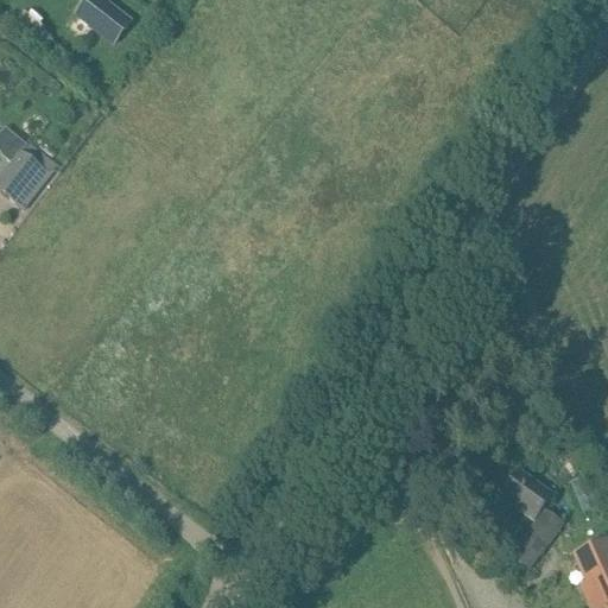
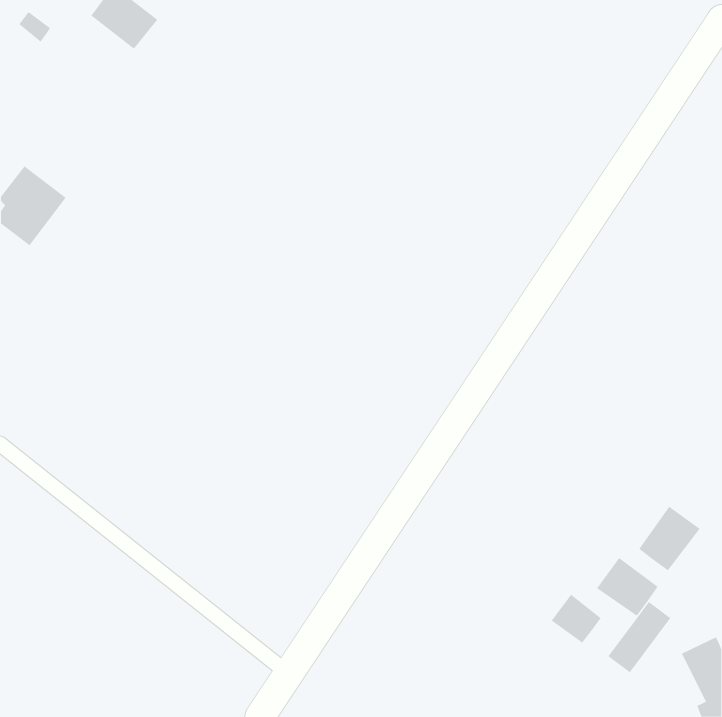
building: none -> [638,506,700,571]
building: none -> [551,594,602,644]

